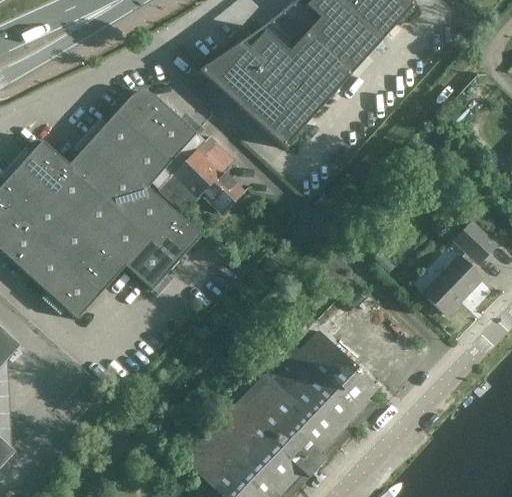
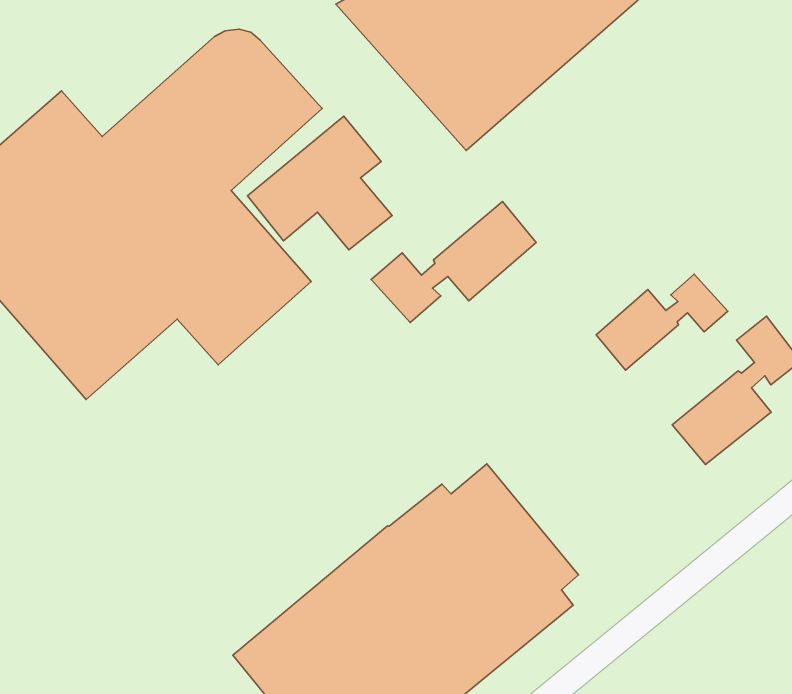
building: none -> [371,202,536,322]
building: none -> [596,274,728,370]

